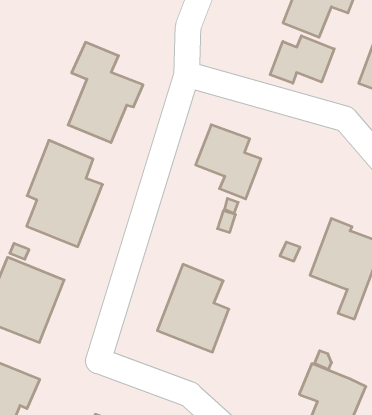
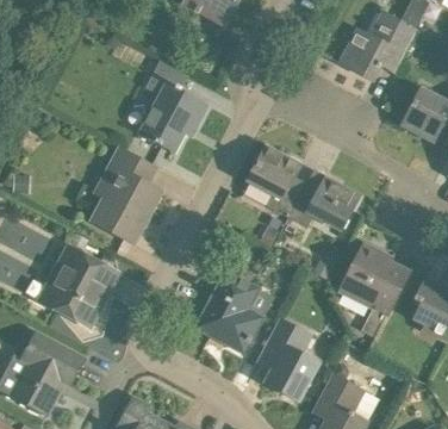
building: [270,36,334,83] -> none
building: none -> [288,179,357,232]
building: none -> [257,318,318,400]

